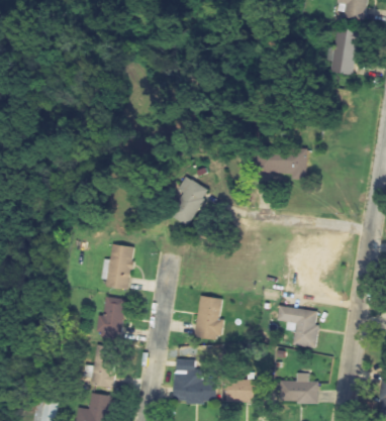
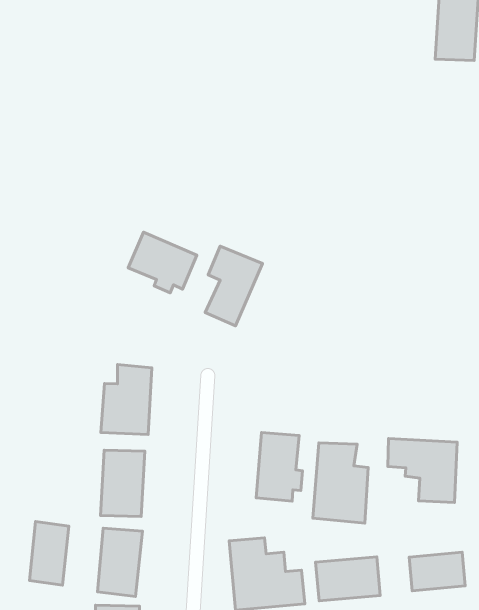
building: [259,149,307,176] -> none
building: none -> [128,232,197,293]
building: none -> [313,443,368,523]
building: none -> [29,522,69,585]

